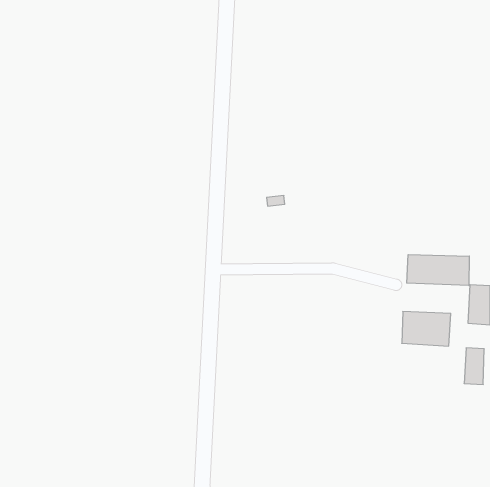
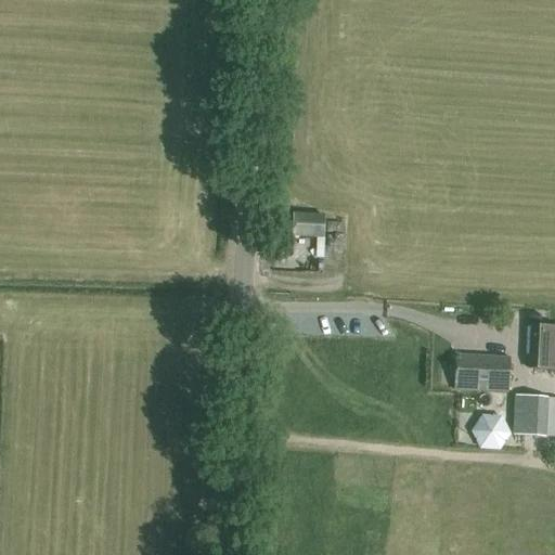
building: [407,255,469,286] -> none
building: none -> [477,414,509,448]

